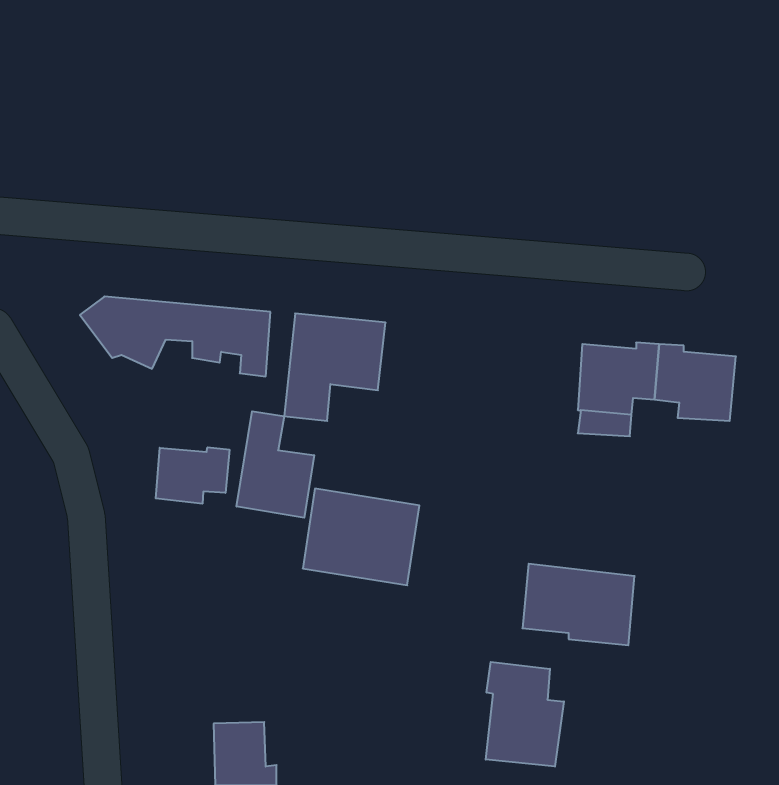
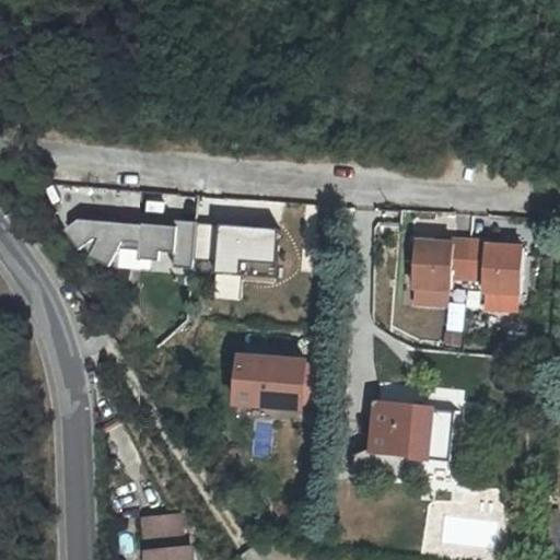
building: [237,411,314,518] -> none
building: [156,447,229,504] -> none
building: [486,662,564,767] -> none

